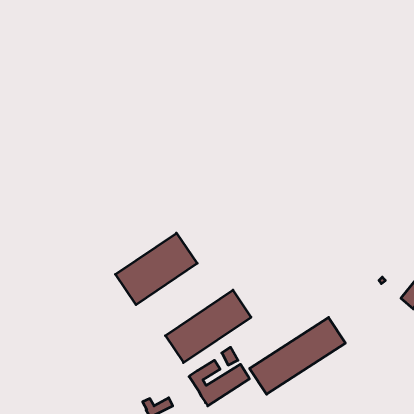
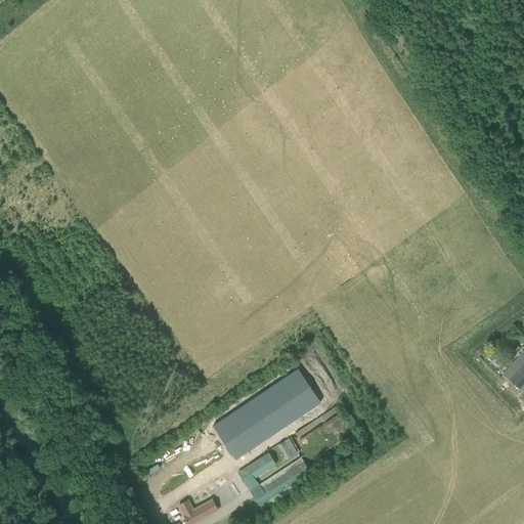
building: [115,233,197,305] -> none
building: [250,317,345,394] -> none

